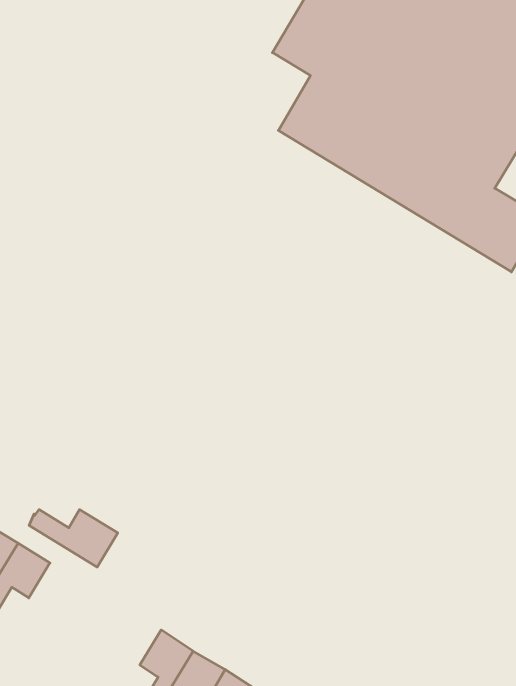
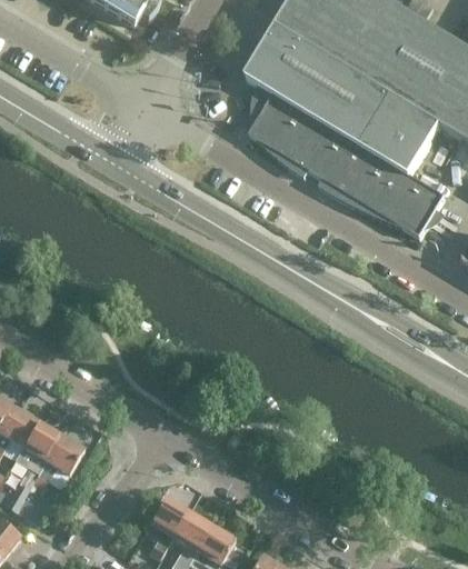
building: [29,510,118,567] -> none

